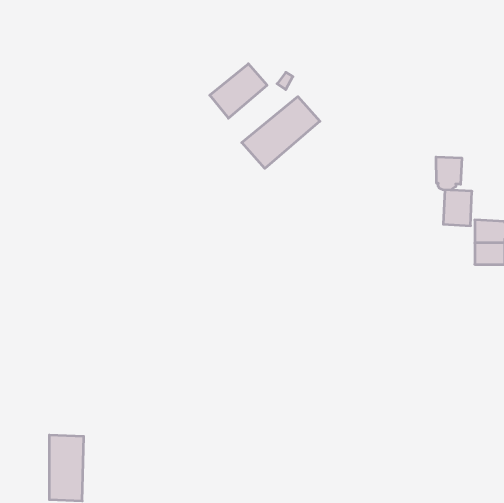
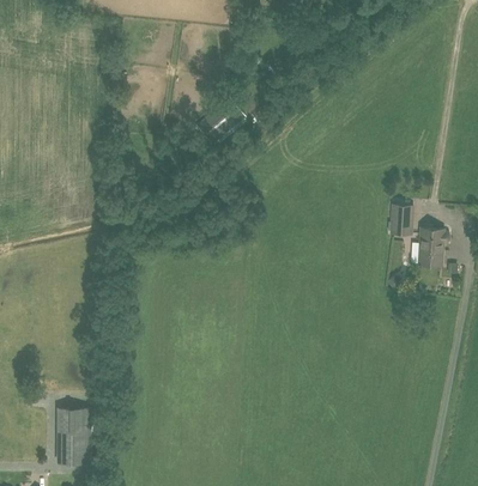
building: [242,97,320,168] -> none
building: [436,157,462,190] -> none

